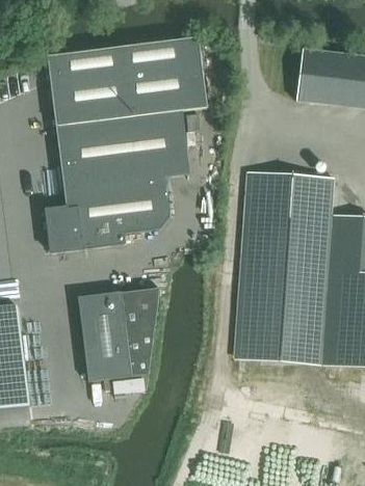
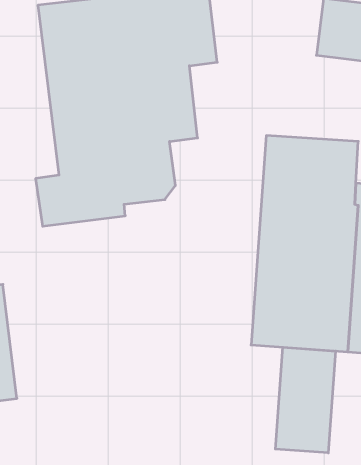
building: [77,286,159,380] -> none
building: none -> [275,347,336,453]

